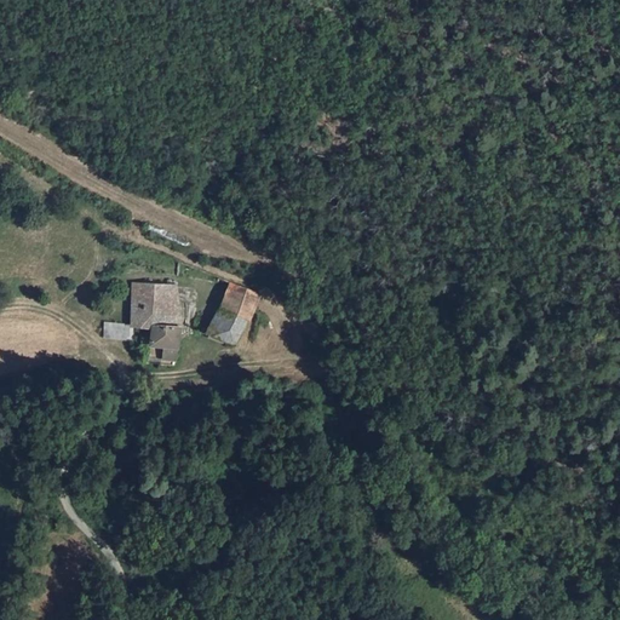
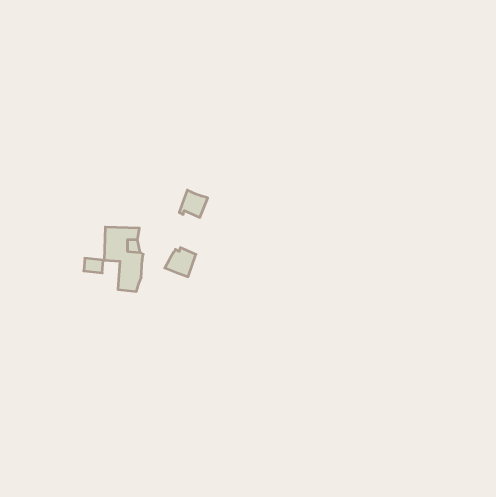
building: [220,282,256,316] -> [179,190,208,217]

